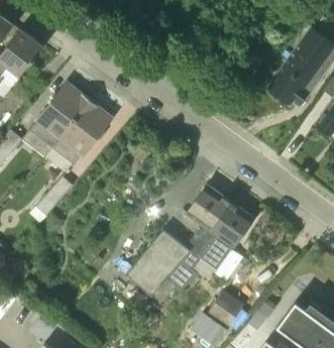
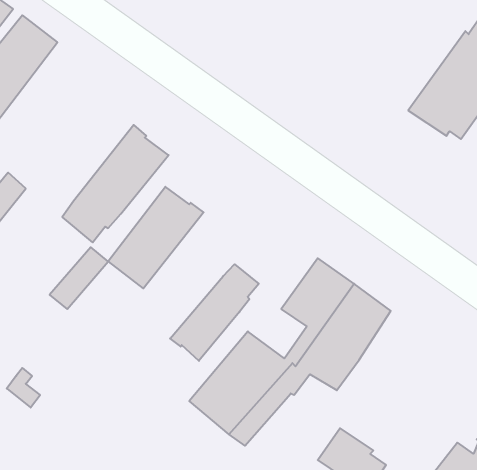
building: [30,83,91,147] -> [108,187,204,288]
building: none -> [170,264,259,361]

